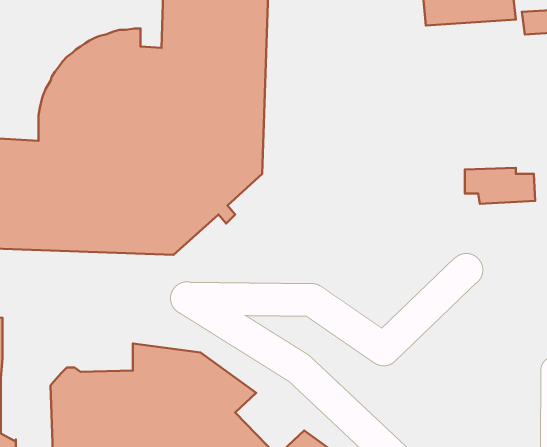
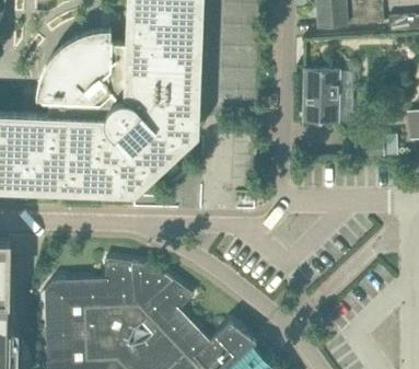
building: none -> [303,71,353,124]

